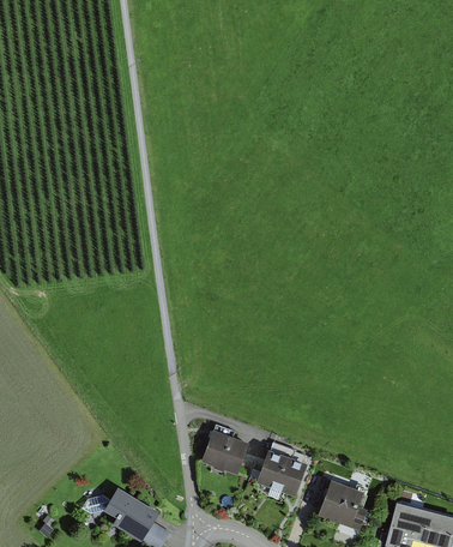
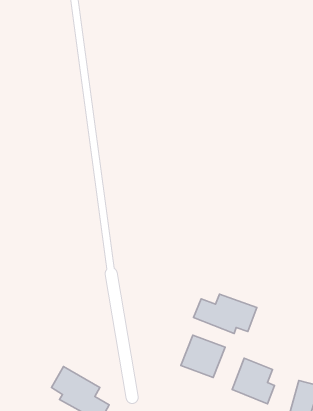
building: none -> [193,294,257,333]
building: [203,429,250,476] -> none

